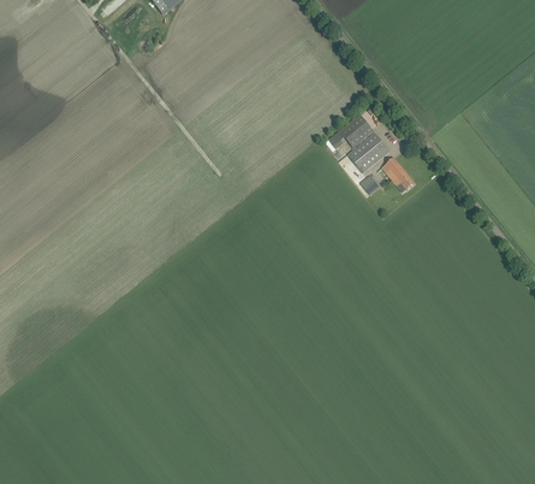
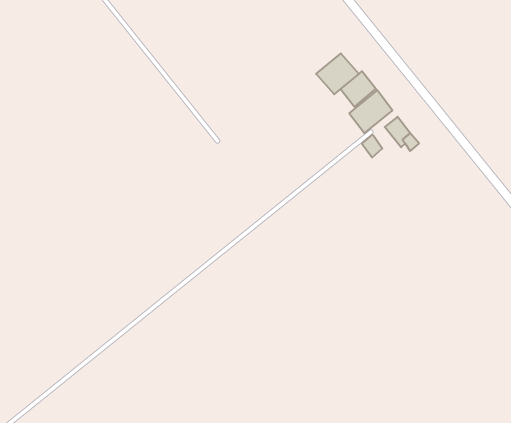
building: none -> [316,53,359,94]

